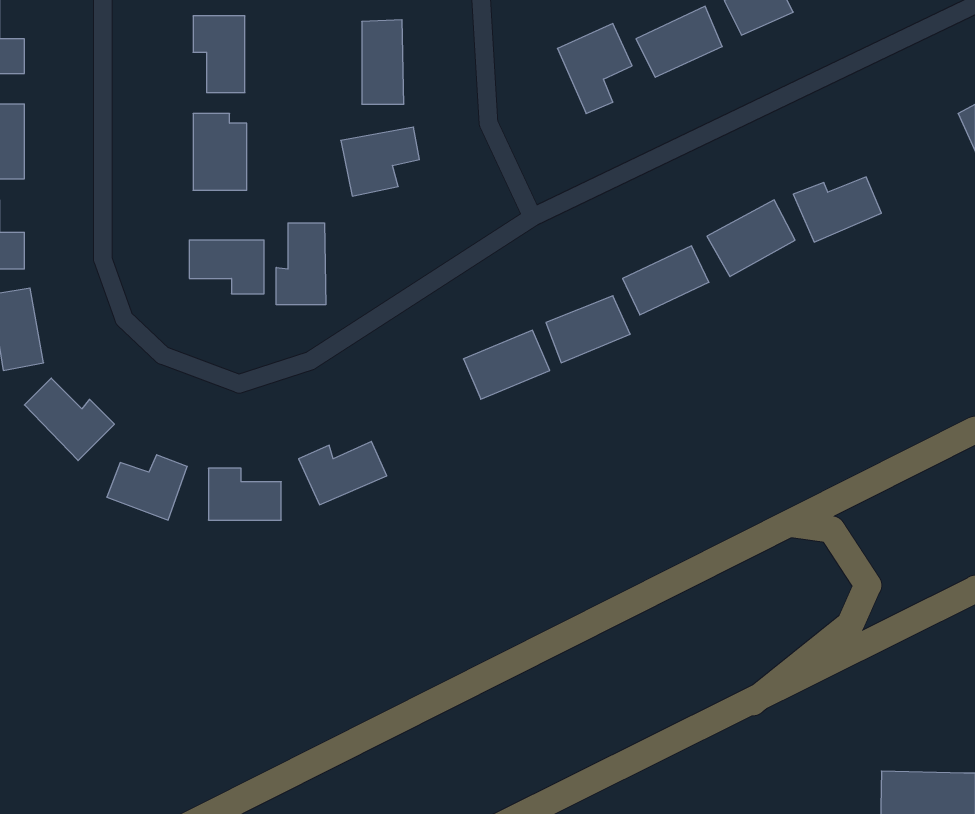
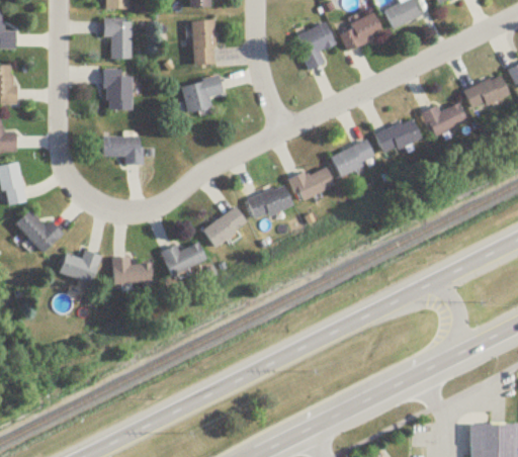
building: none -> [463,74,510,111]
building: [276,223,326,305] -> none
building: none -> [203,207,248,247]

